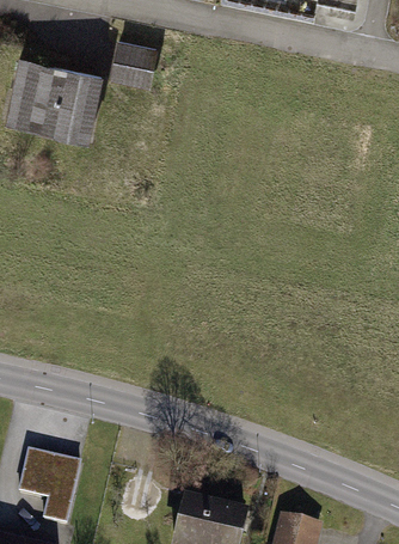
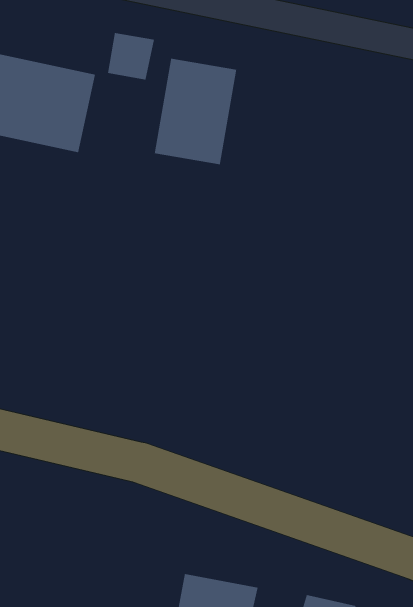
building: none -> [154,58,237,165]
building: [25,447,88,522] -> none

